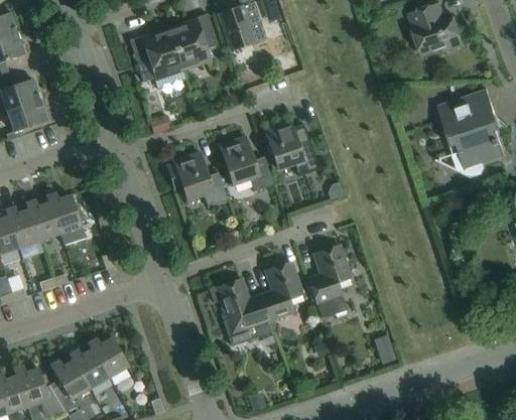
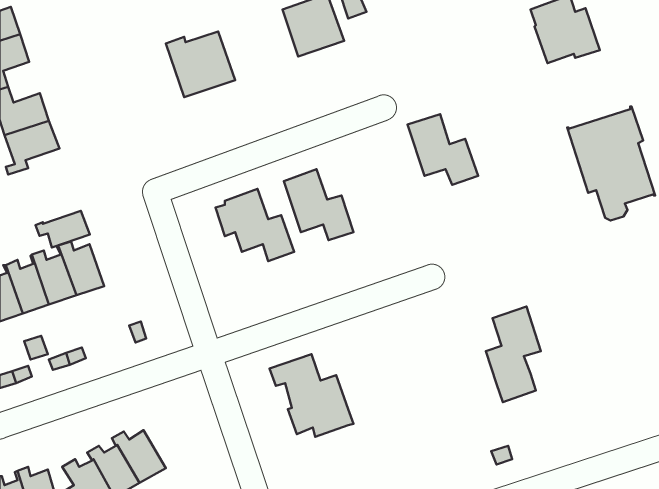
building: [169,12,218,67] -> none
building: [265,121,319,175] -> [407,114,478,185]
building: none -> [35,211,90,248]
building: [308,244,351,317] -> [486,306,541,402]
building: [260,261,302,320] -> none

